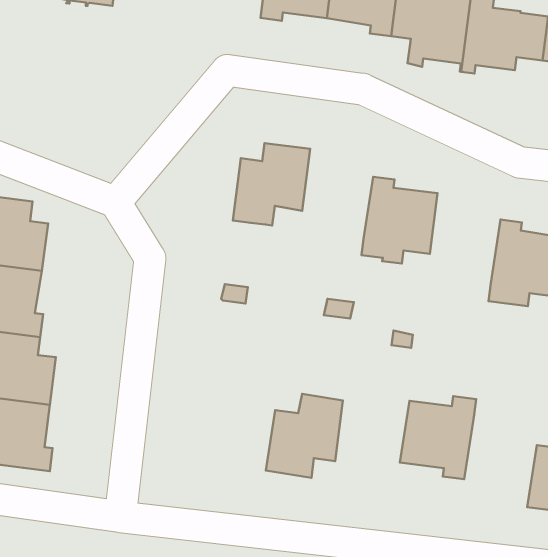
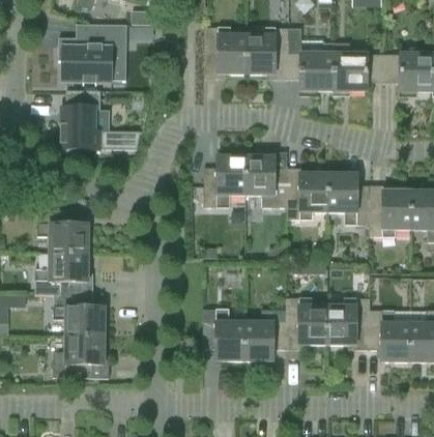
building: none -> [60,90,140,149]
building: none -> [245,155,287,207]
building: none -> [328,173,370,225]
building: none -> [286,297,327,349]
building: none -> [202,309,244,359]
building: none -> [368,310,410,361]

